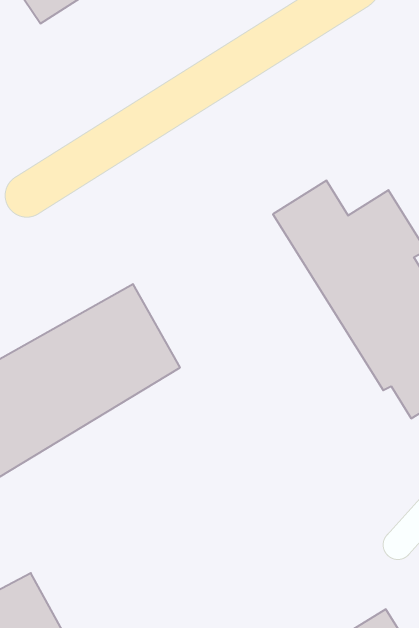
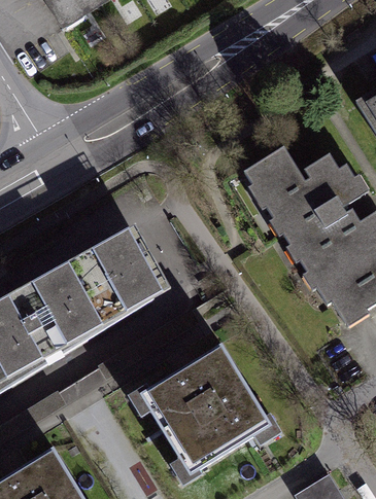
building: none -> [143,346,272,480]

